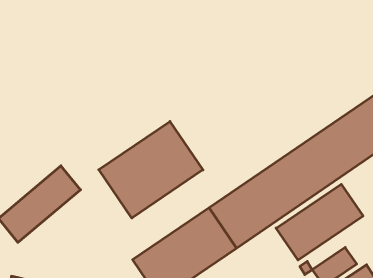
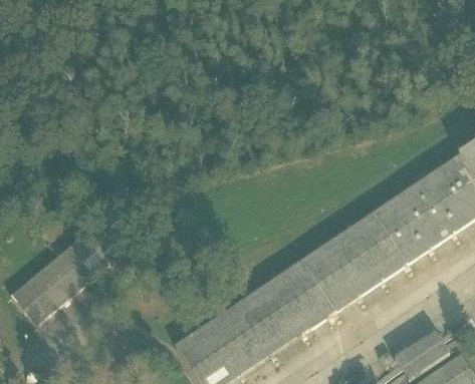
building: [99,121,203,218] -> none
building: [276,184,363,260] -> none

